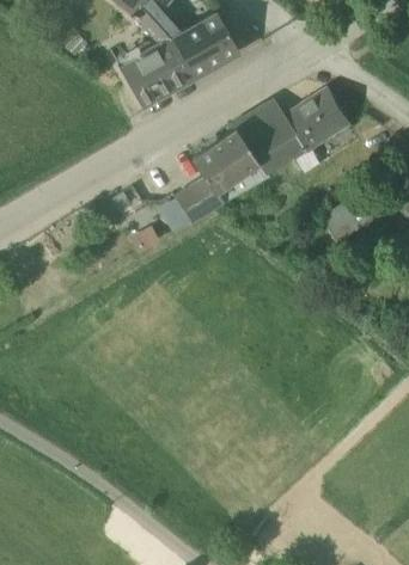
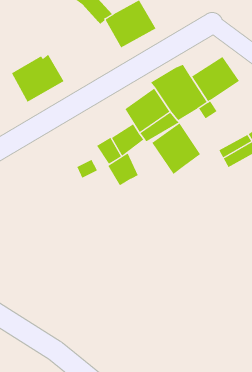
building: [120,39,191,105] -> [11,54,64,103]
building: none -> [151,123,201,175]
building: none -> [108,152,139,186]

